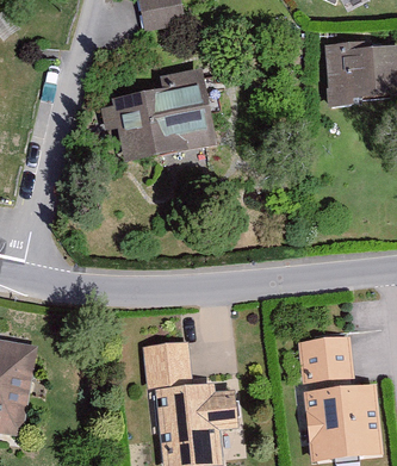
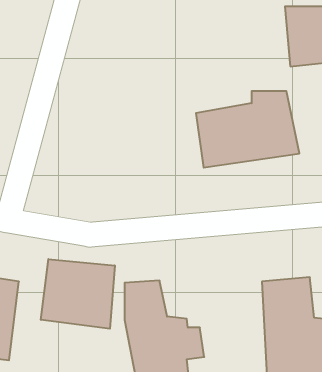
building: [107,74,221,157] -> [196,91,299,168]
building: none -> [41,259,115,329]

